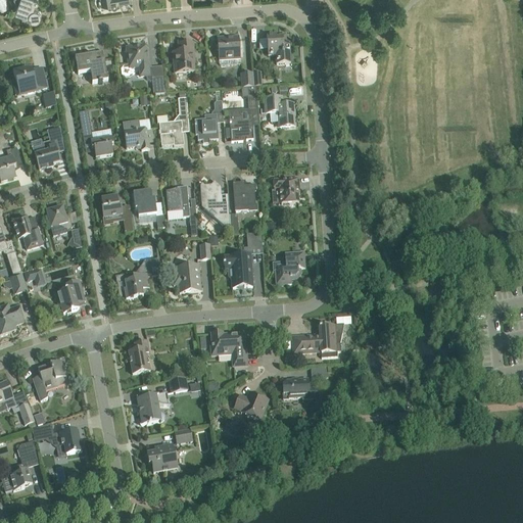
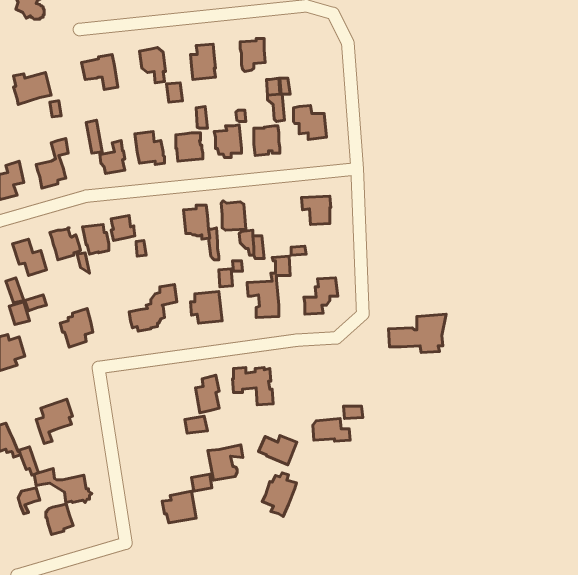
building: [266,32,289,62] -> none
building: [232,180,254,209] -> none
building: [132,189,155,216] -> [83,225,109,254]
building: [291,322,343,356] -> [388,314,446,353]
building: [128,339,149,373] -> [195,375,219,413]
building: [136,391,168,423] -> [208,445,243,480]
building: none -> [262,473,297,517]
building: [7,462,32,489] -> [46,504,73,535]

